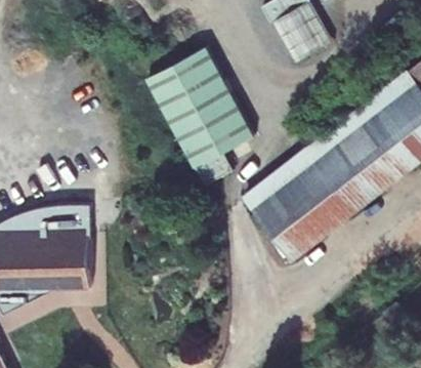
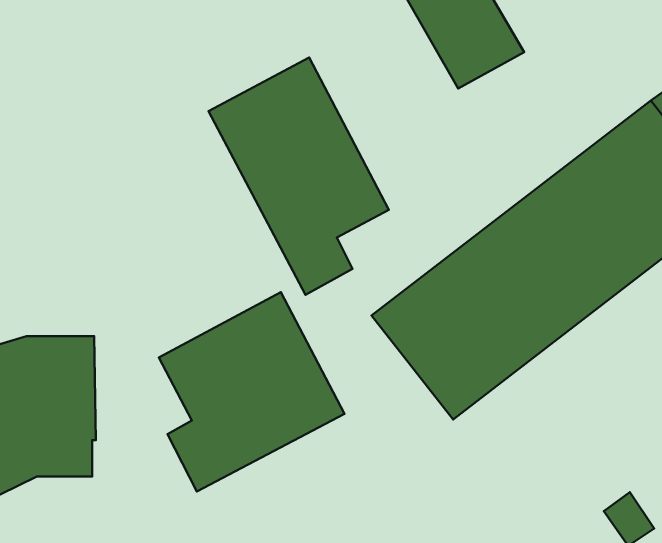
building: none -> [159,292,344,492]

